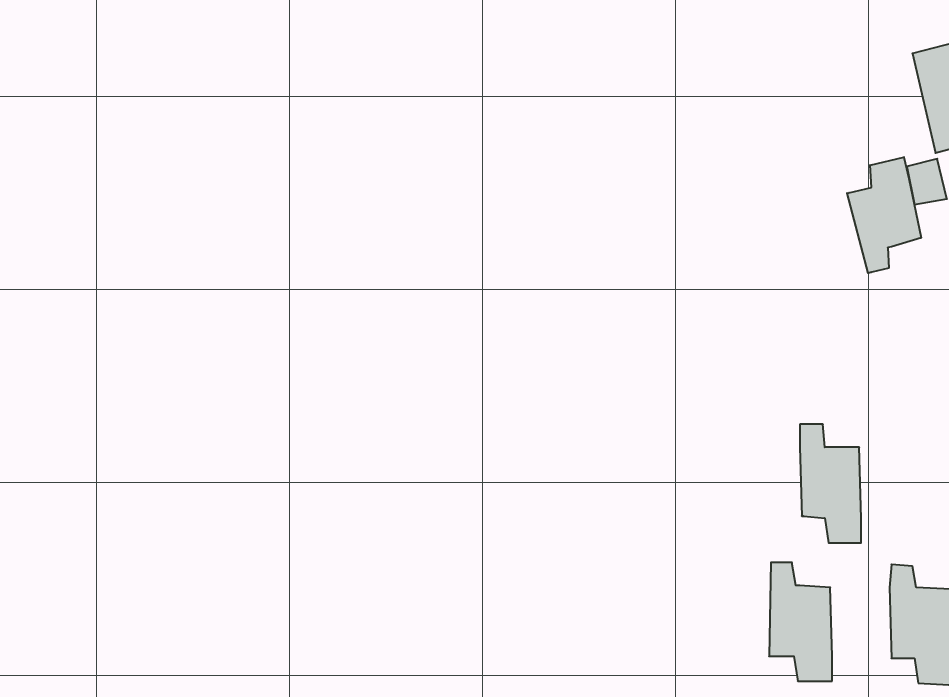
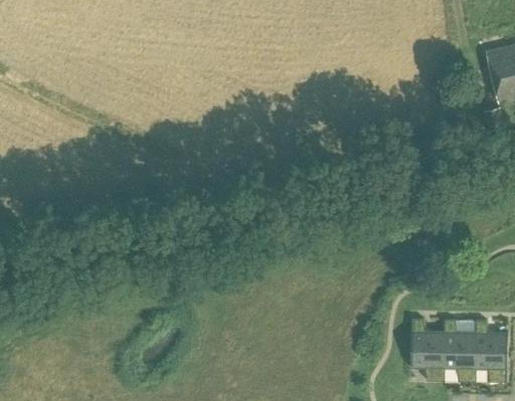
building: [847,157,921,273] -> none
building: [800,424,861,543] -> [445,321,477,383]

